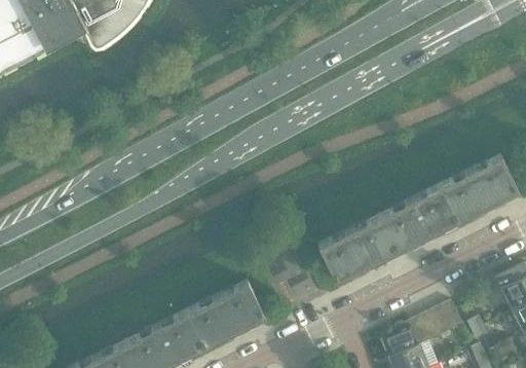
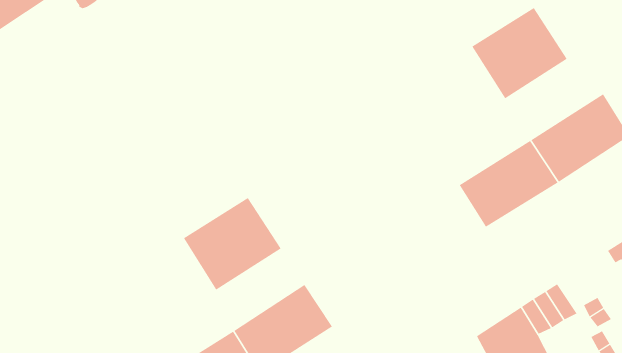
building: none -> [472,7,568,99]
building: none -> [183,197,281,291]
building: [318,215,398,282] -> none

